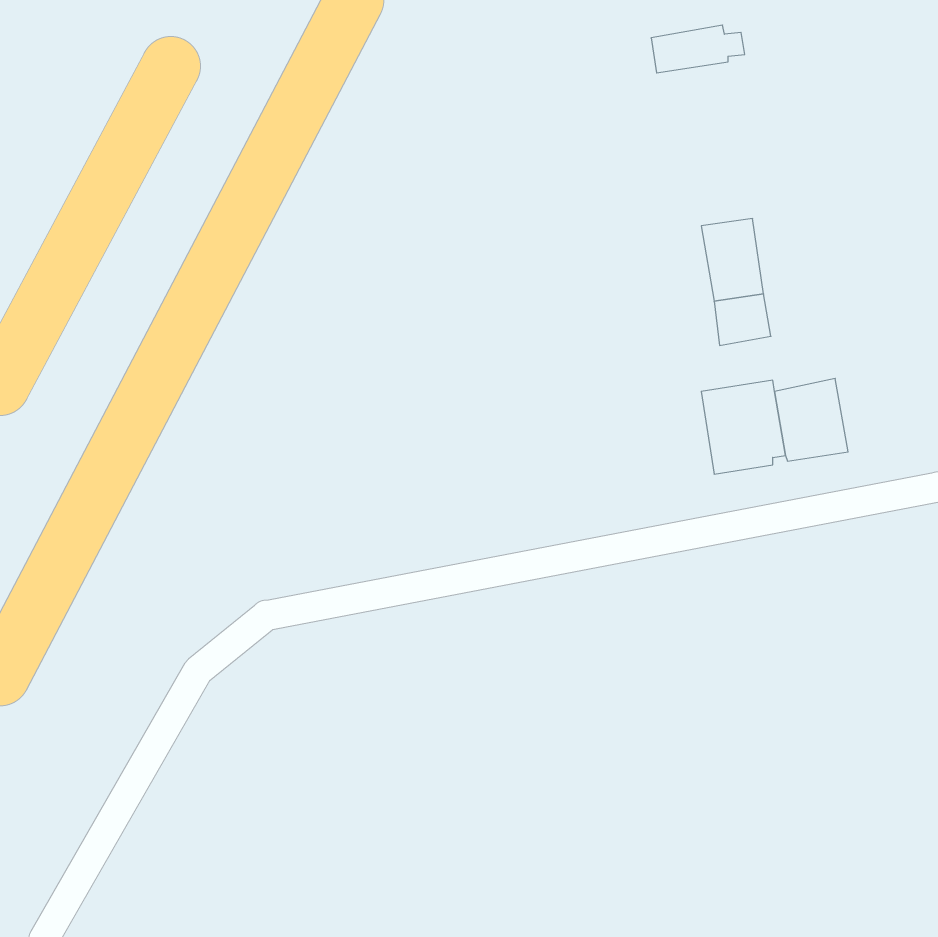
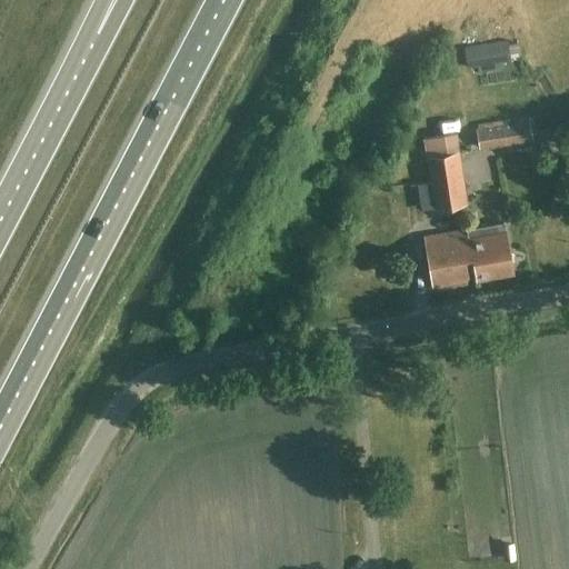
building: [651,25,745,73] -> [465,40,521,69]
building: none -> [475,121,532,150]

